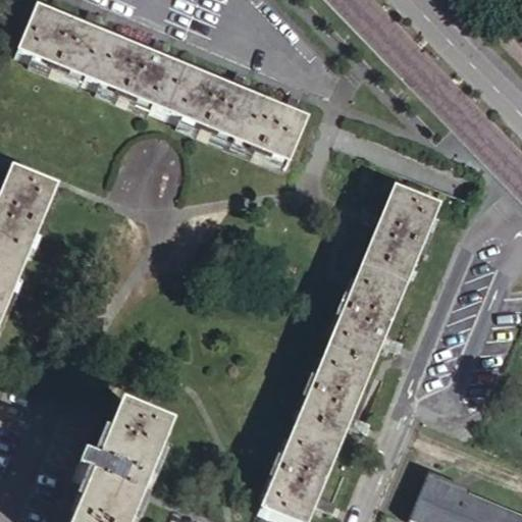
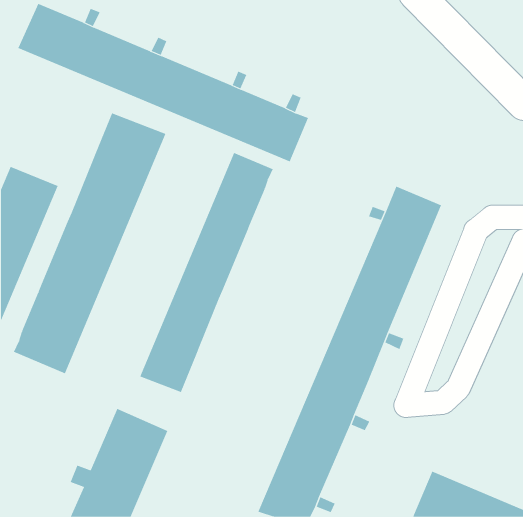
building: none -> [13,112,166,374]
building: none -> [139,152,273,393]

